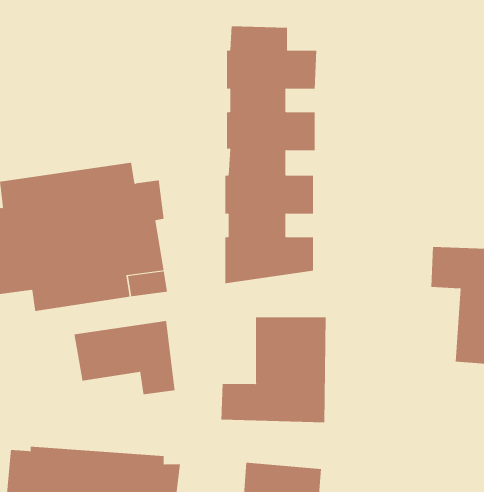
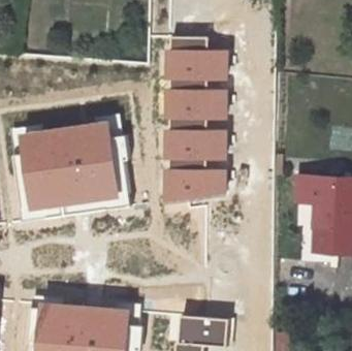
building: [221,317,326,423] -> none
building: [74,320,175,395] -> none

